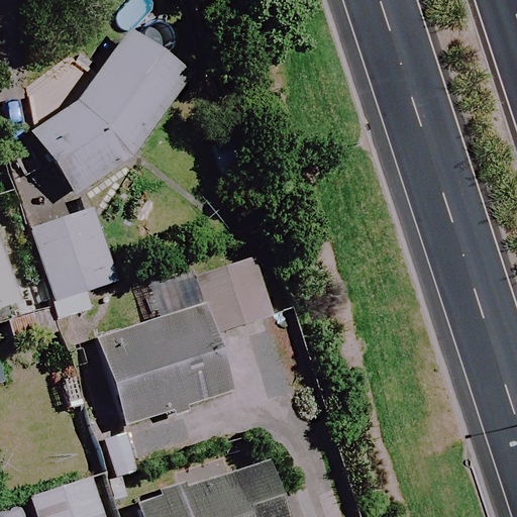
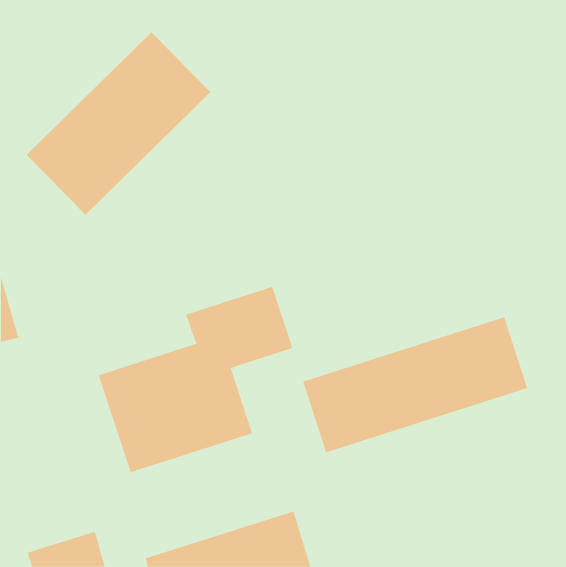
building: [33,209,122,318] -> none
building: none -> [303,316,528,453]

